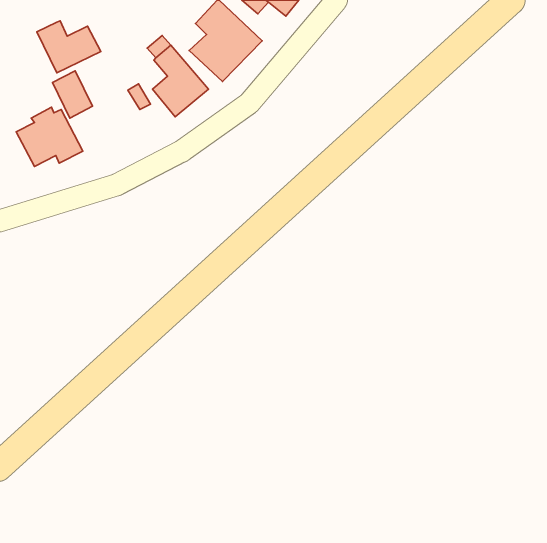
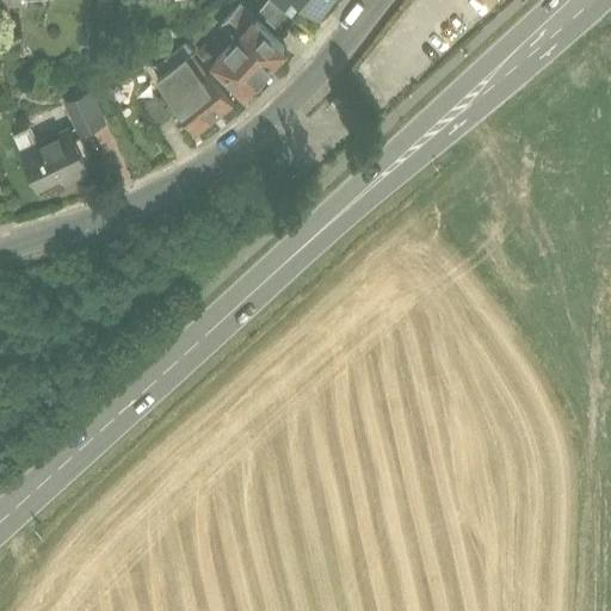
building: [37,21,101,73] -> none

